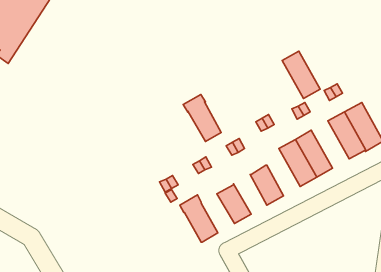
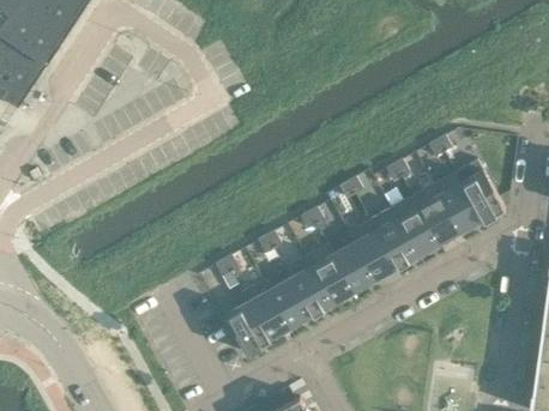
building: [282,51,320,98] -> [411,186,460,247]
building: [183,94,221,142] -> [304,246,354,307]
building: none -> [348,222,397,283]
building: none -> [269,280,312,331]
building: none -> [224,304,270,357]

